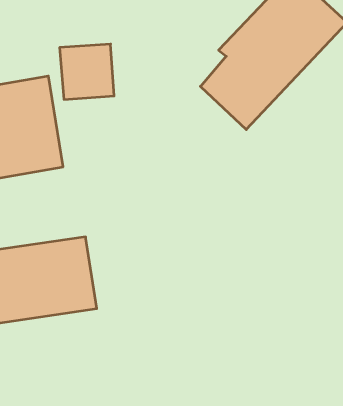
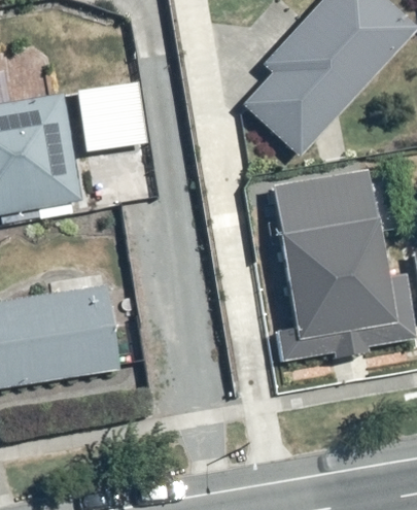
building: none -> [274,169,396,339]

